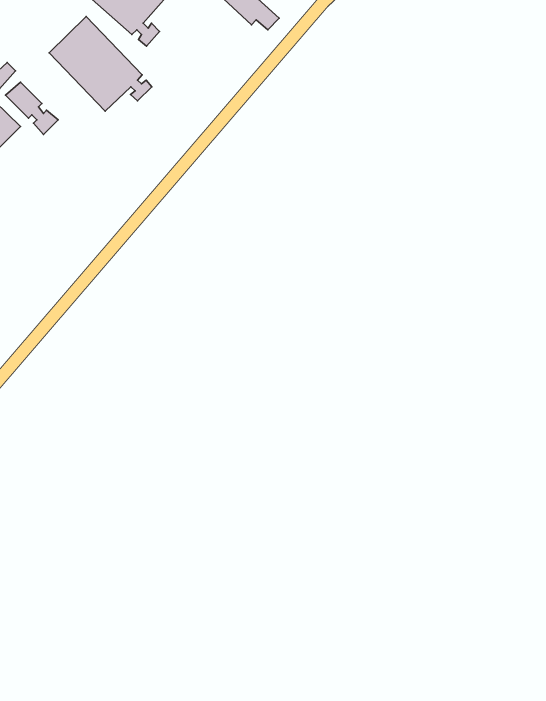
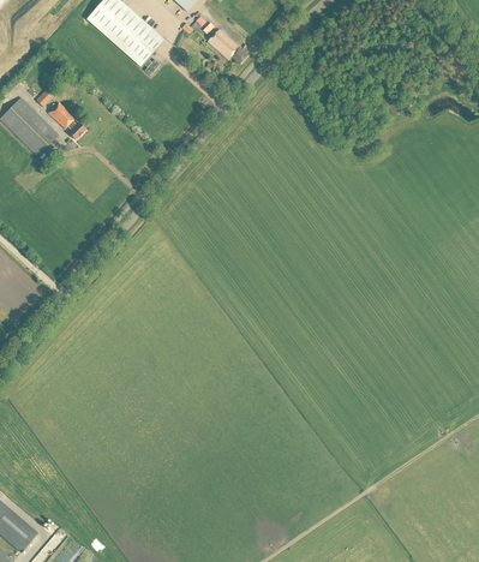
building: [49,17,152,111] -> none

